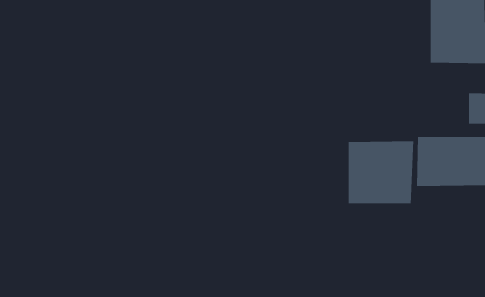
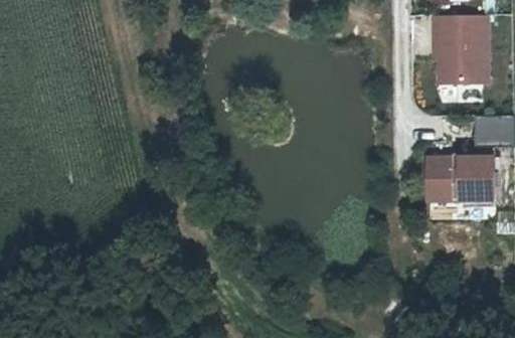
building: [348,140,414,204] -> none

